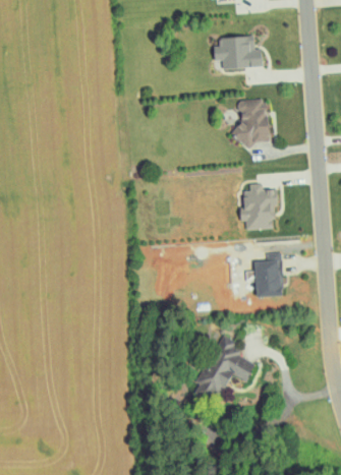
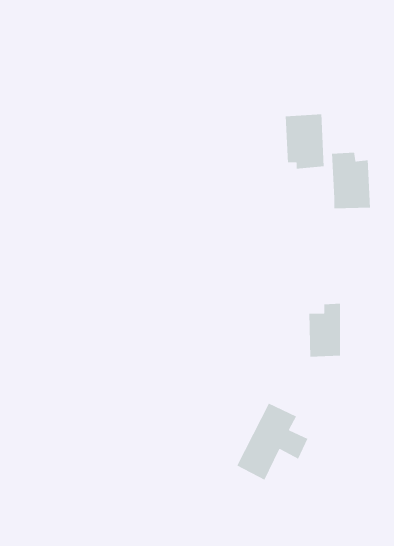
building: [214,37,262,69] -> none
building: [243,183,276,230] -> [331,152,371,209]

